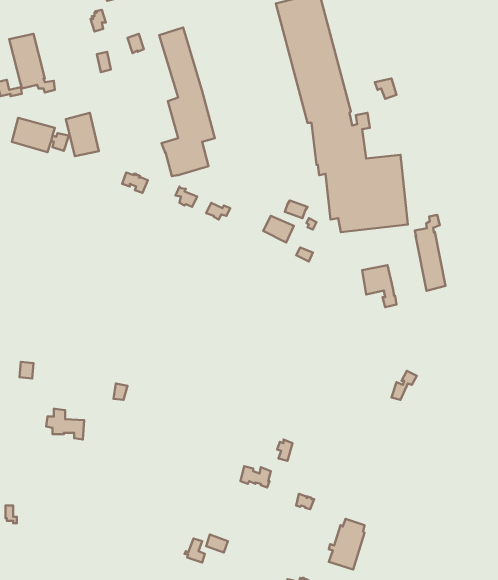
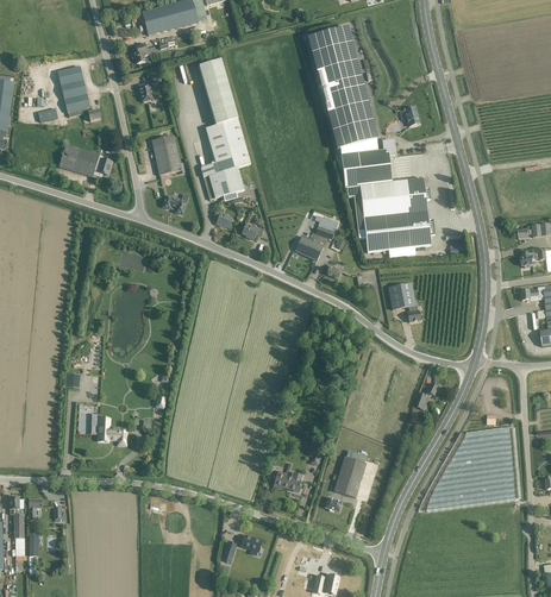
building: [66,113,99,156] -> [151,134,182,175]
building: [415,215,445,291] -> none
building: [329,519,365,570] -> [333,450,367,497]

